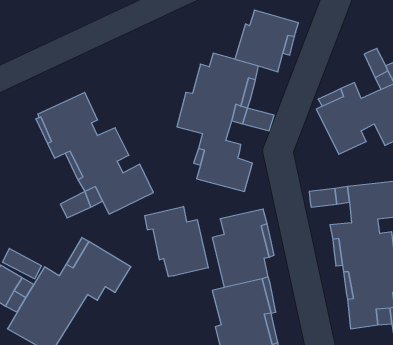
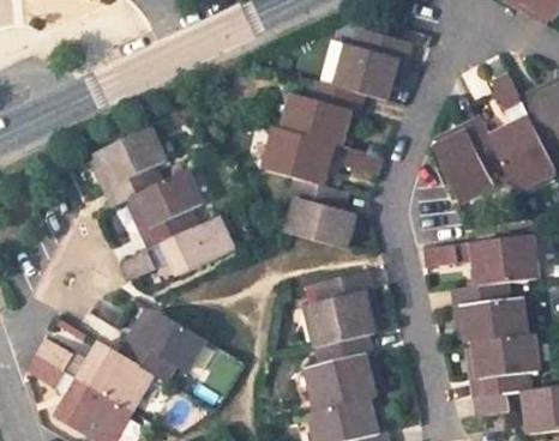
building: [145,206,208,277] -> none

